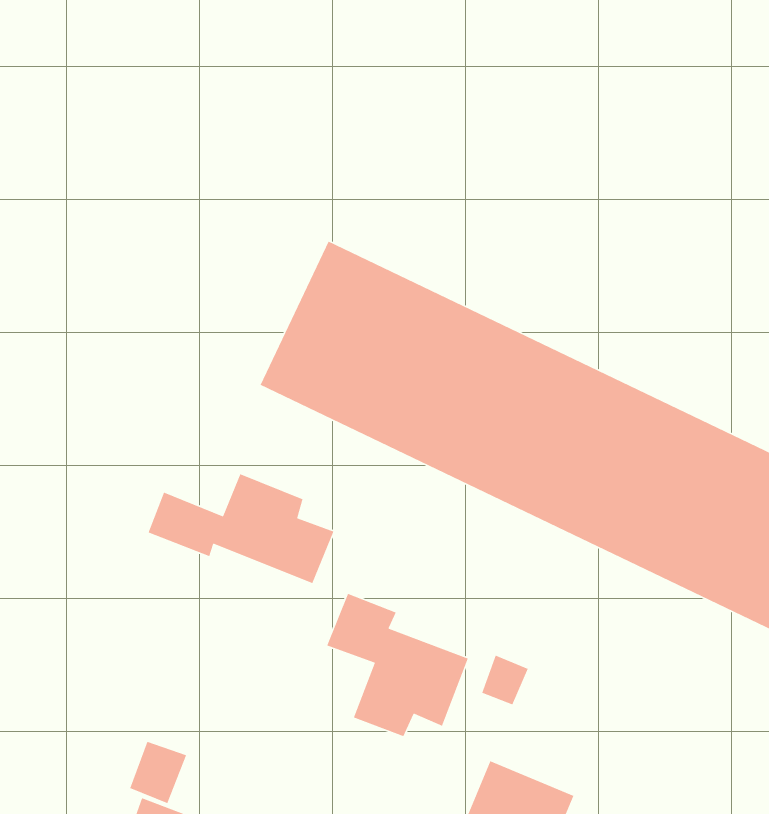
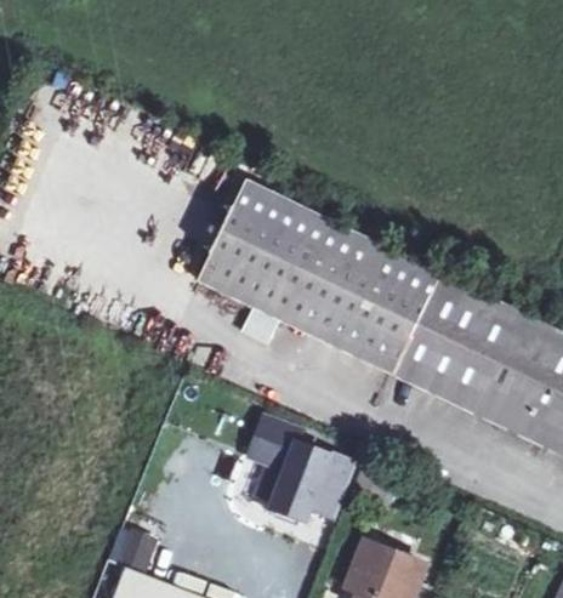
building: [148,473,335,584] -> none

